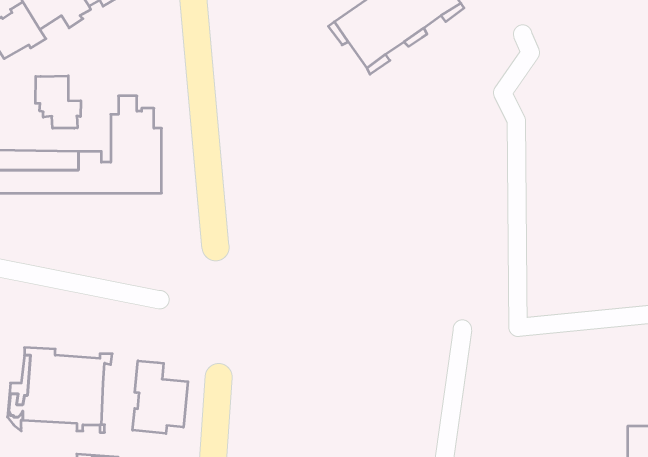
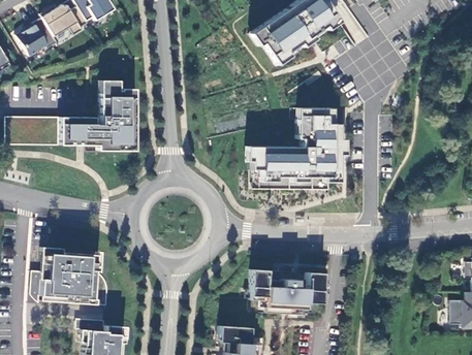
building: [35,76,81,128] -> none
building: none -> [249,107,338,176]
building: [133,361,188,434] -> none
building: none -> [248,269,321,316]

